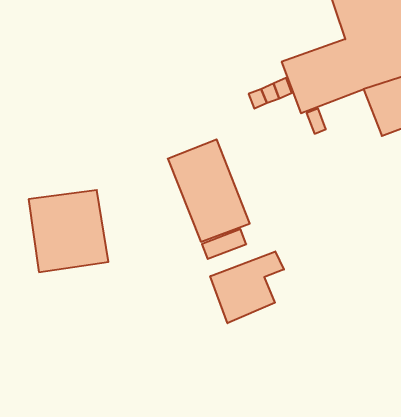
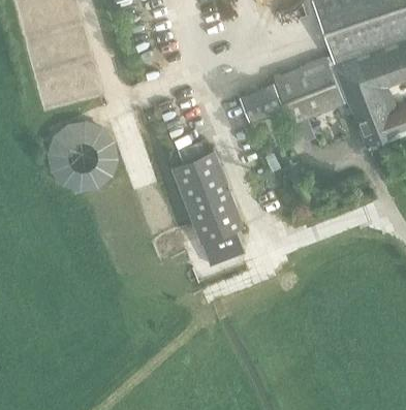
building: [29,190,108,272] -> [49,116,121,190]
building: [210,251,284,323] -> none

